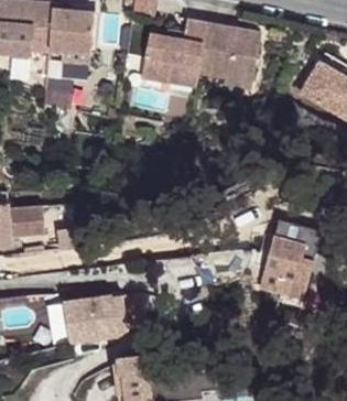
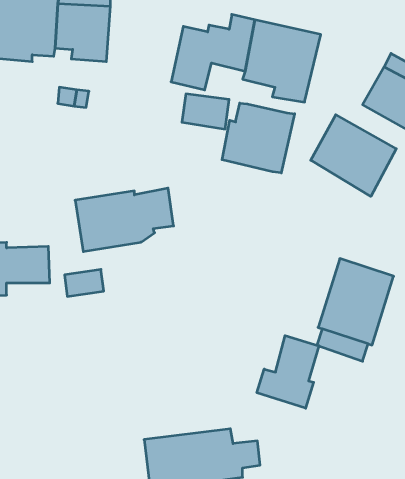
building: none -> [222,103,295,173]
building: none -> [311,115,396,196]
building: none -> [257,336,319,408]
building: [66,291,147,343] -> [75,188,174,252]

